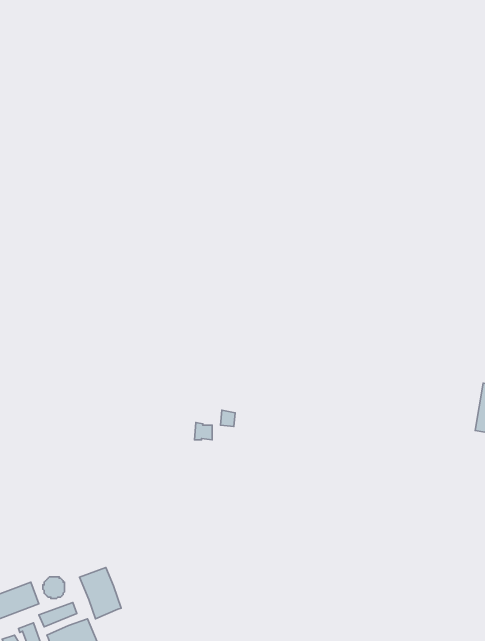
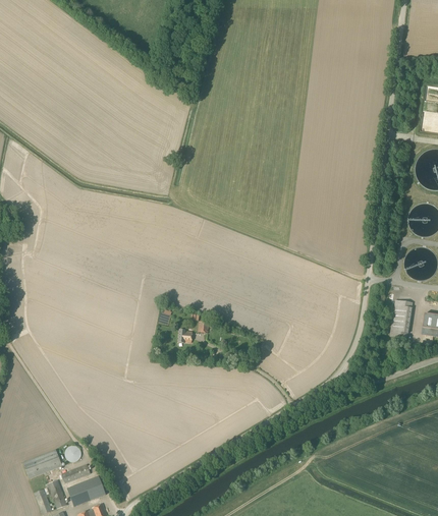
building: [80,568,121,619] -> none

